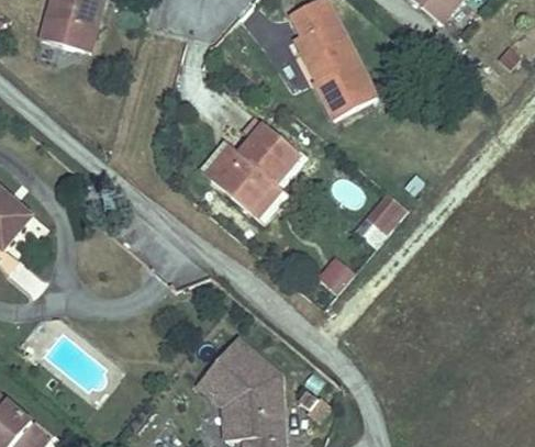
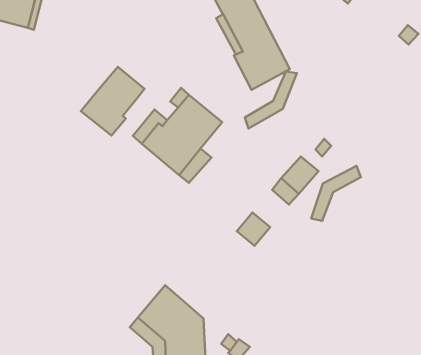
building: none -> [81,67,145,136]
building: none -> [245,71,297,129]
building: none -> [311,166,361,221]

